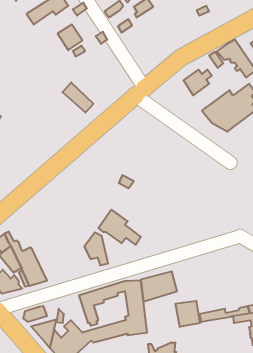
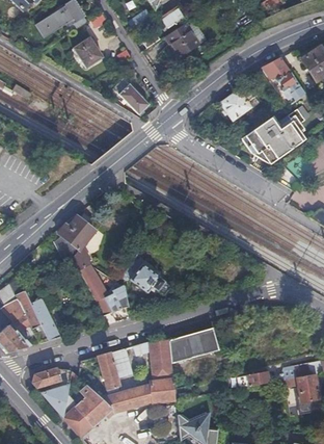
building: none -> [166,23,200,57]
building: [62,82,93,113] -> [111,77,147,112]
building: none -> [54,217,111,315]
building: [176,301,200,327] -> none

